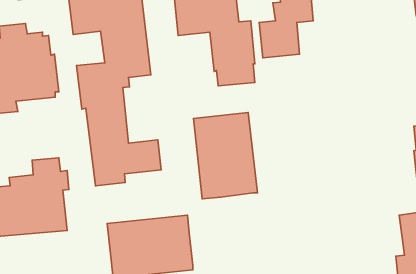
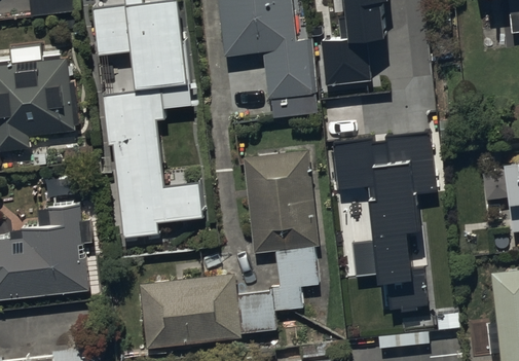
building: none -> [333,131,436,313]
building: none -> [236,246,318,333]

